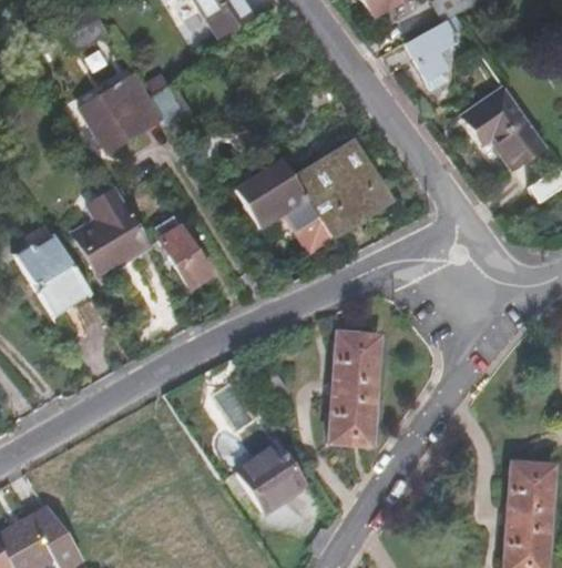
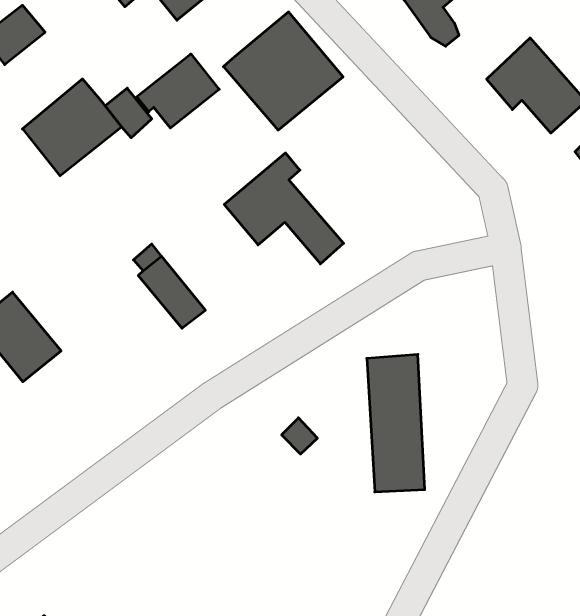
building: none -> [137,54,219,128]
building: [294,140,390,235] -> [223,12,343,130]
building: [75,189,149,275] -> none
building: [239,444,303,509] -> none

